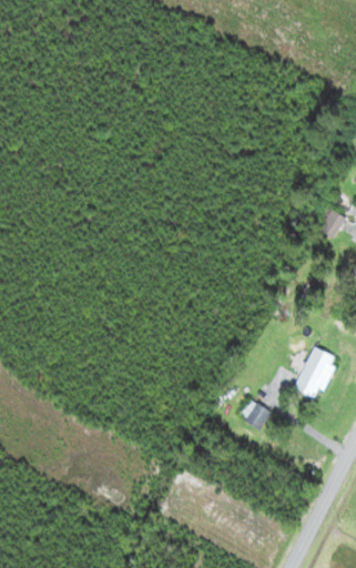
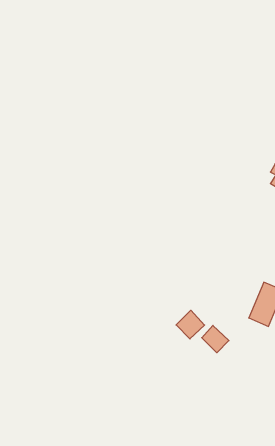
building: none -> [176,310,205,339]

